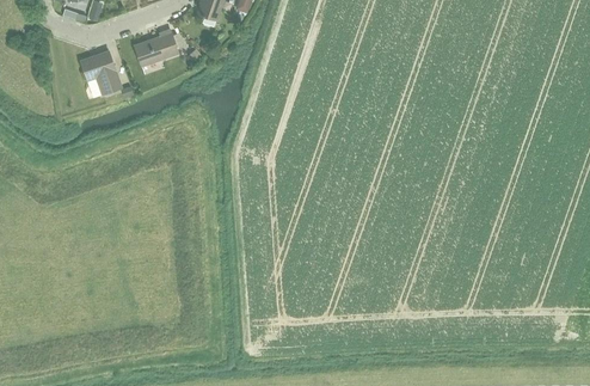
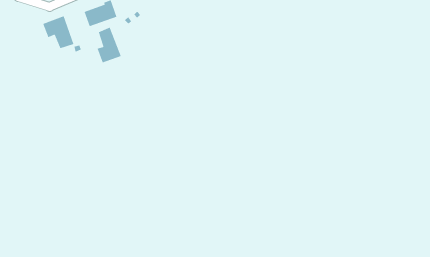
building: none -> [97,27,122,63]

